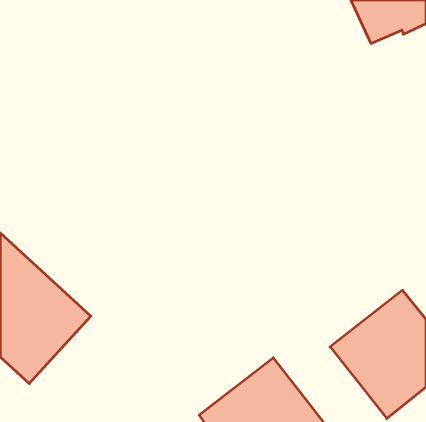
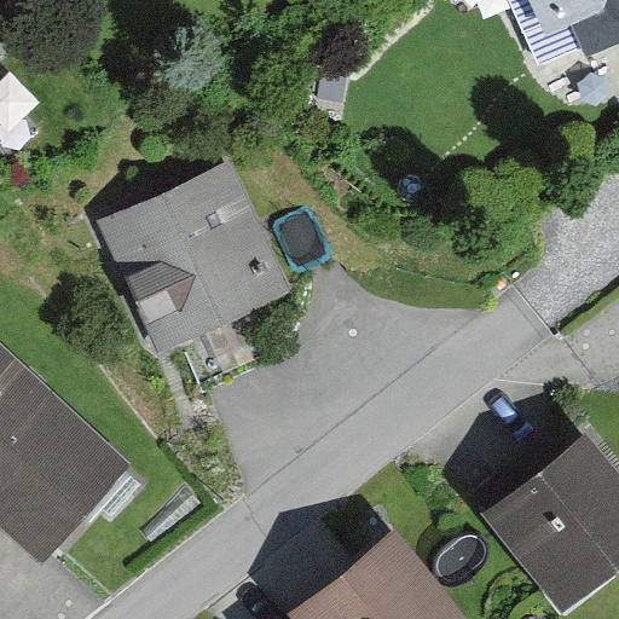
building: none -> [97,163,289,355]

